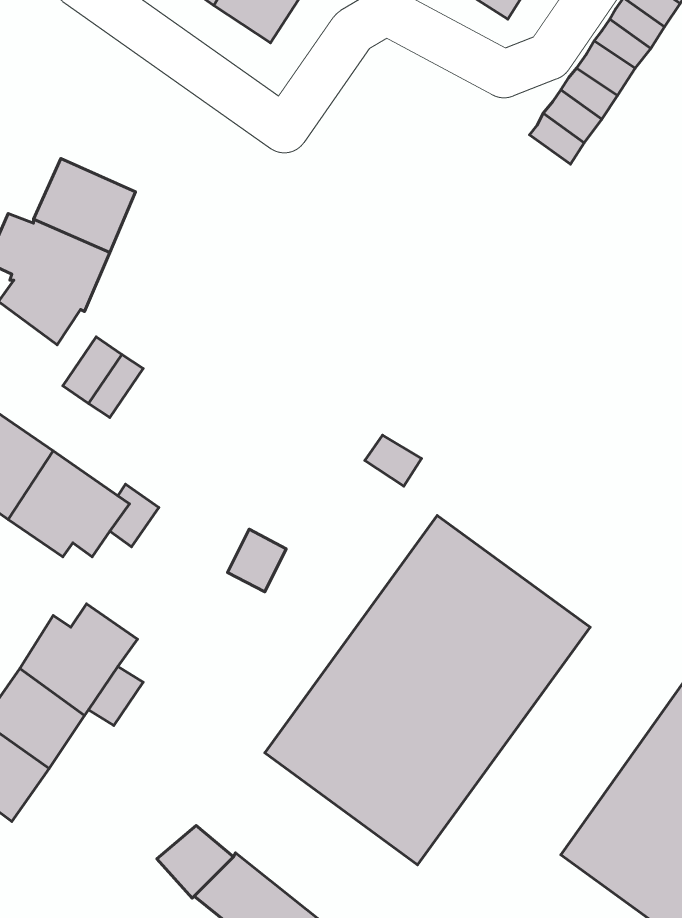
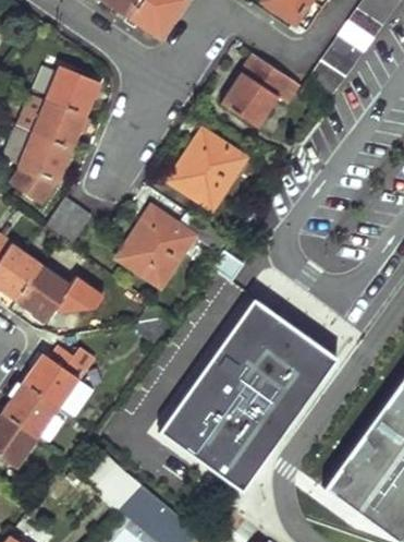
building: none -> [220,57,298,128]
building: none -> [45,65,101,118]
building: none -> [170,138,245,208]
building: none -> [119,216,228,286]

